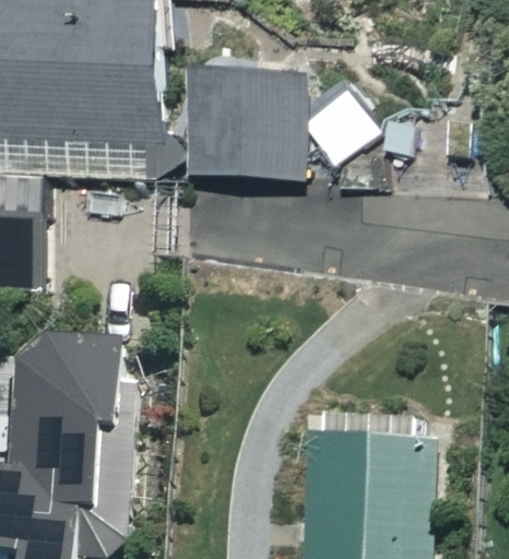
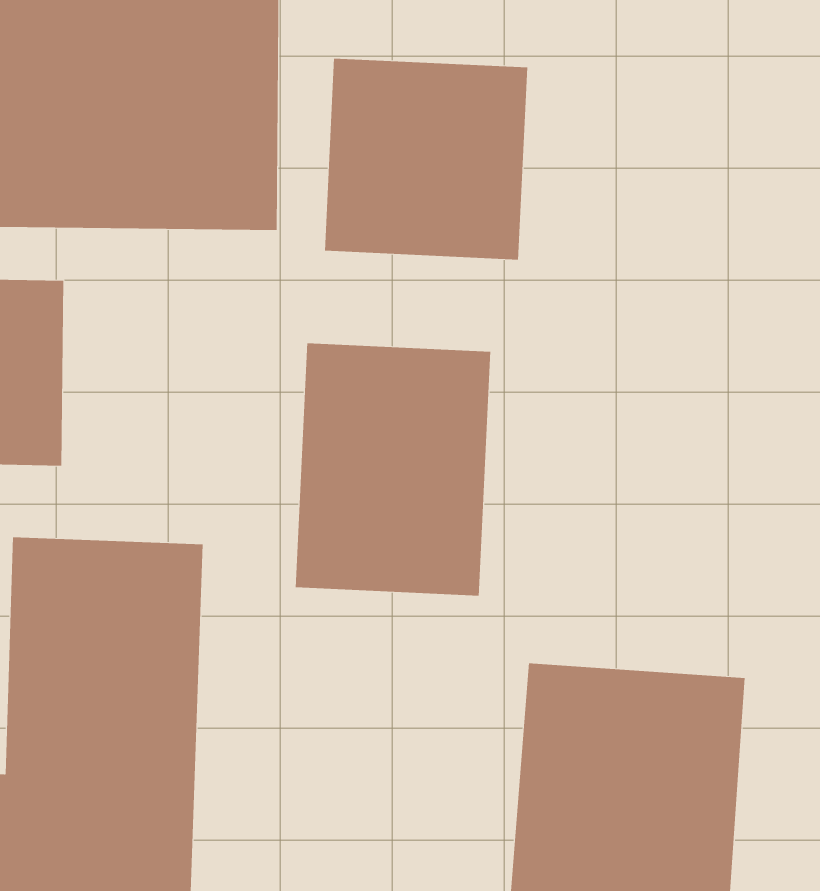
building: none -> [295,343,491,597]

